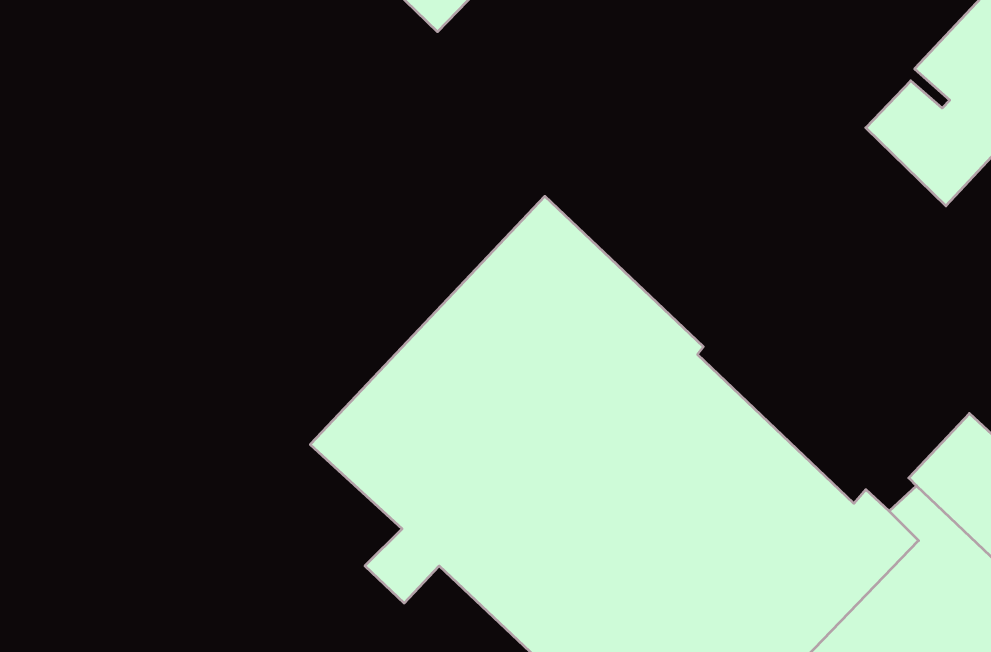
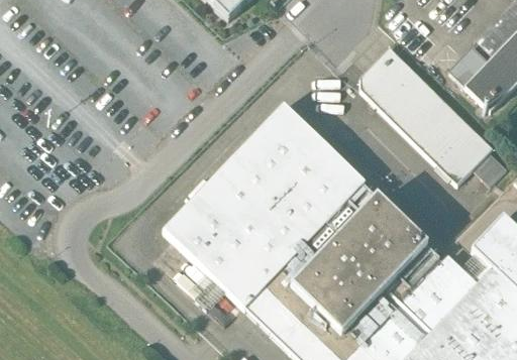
building: none -> [361,45,509,183]

